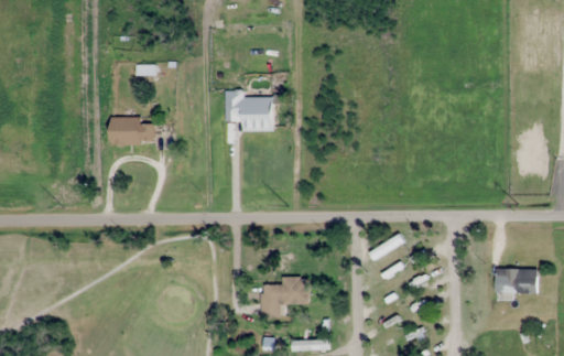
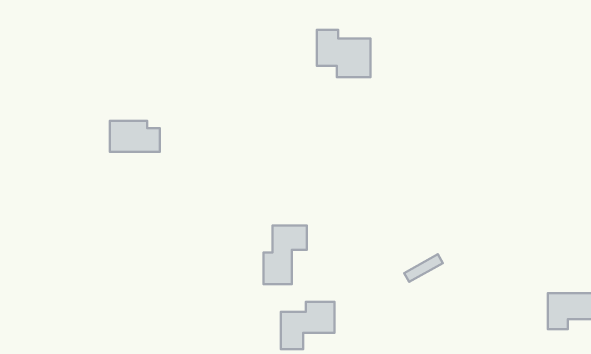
building: [226,89,273,131] -> [317,30,370,77]
building: none -> [263,225,307,284]

